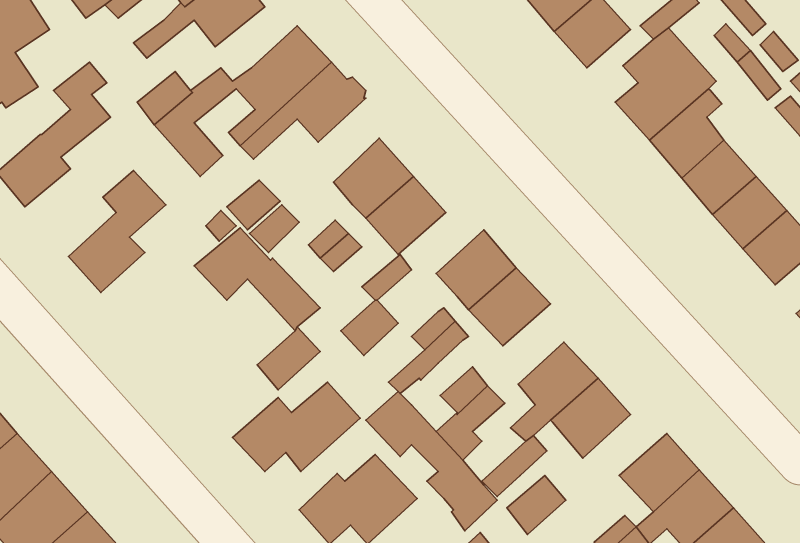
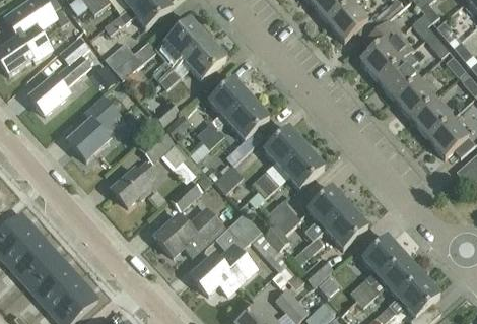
building: none -> [114,160,156,204]

